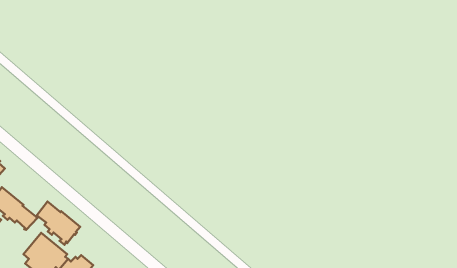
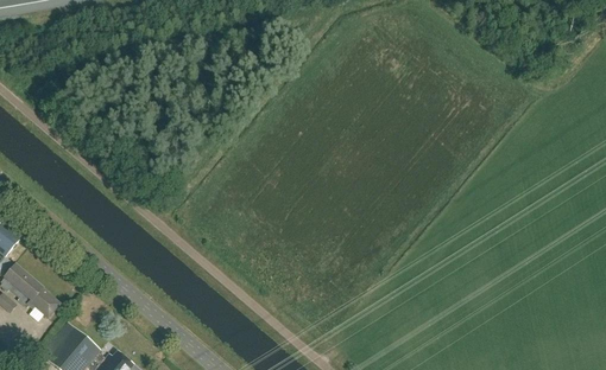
building: [36,201,80,245] -> none

